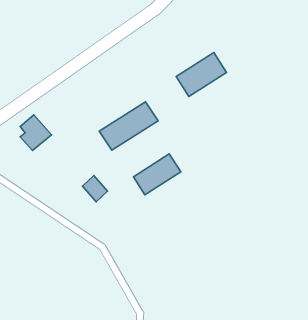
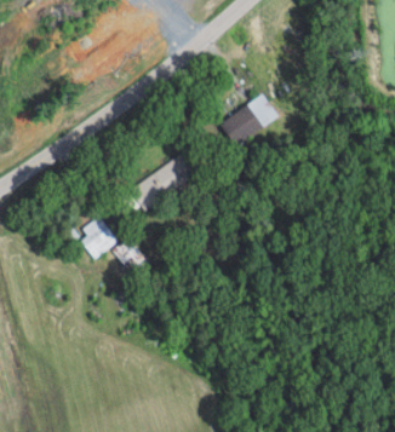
building: [20,115,52,151] -> [82,218,119,259]
building: [133,154,181,195] -> none

